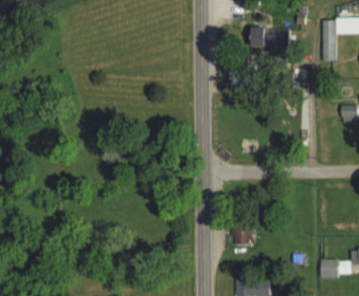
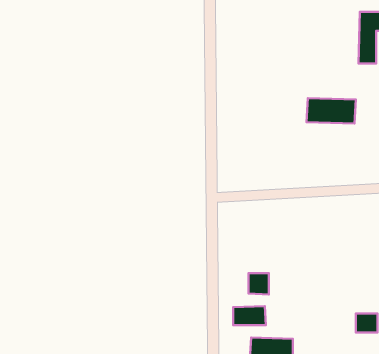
building: [250,27,289,47] -> [307,98,356,123]
building: none -> [233,306,266,325]

